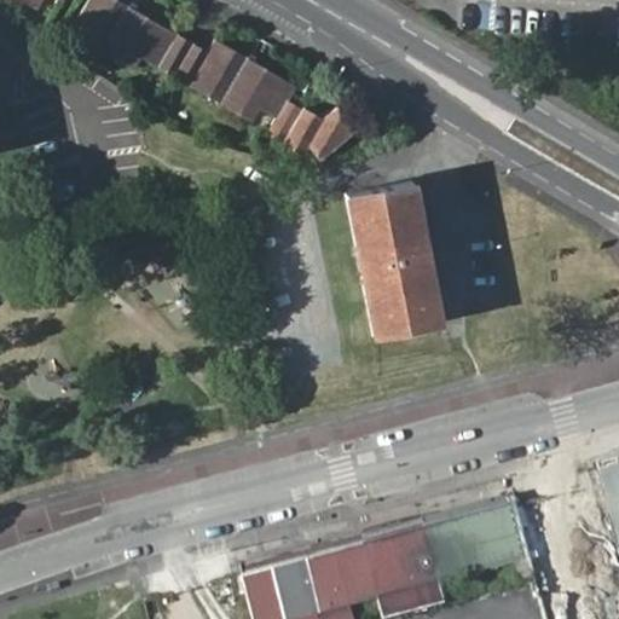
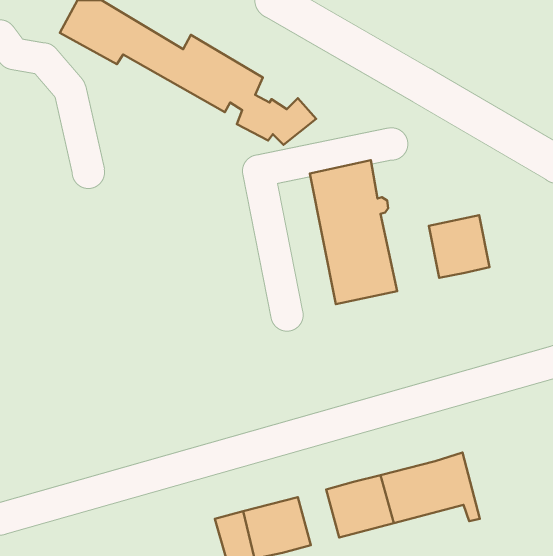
building: none -> [429,215,490,278]
building: [335,544,381,606] -> none

